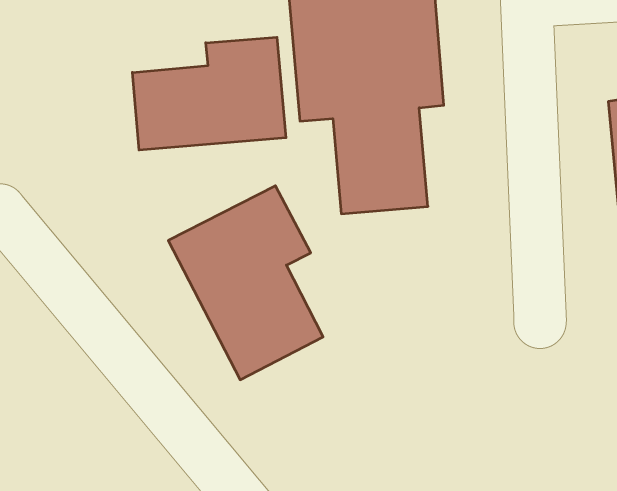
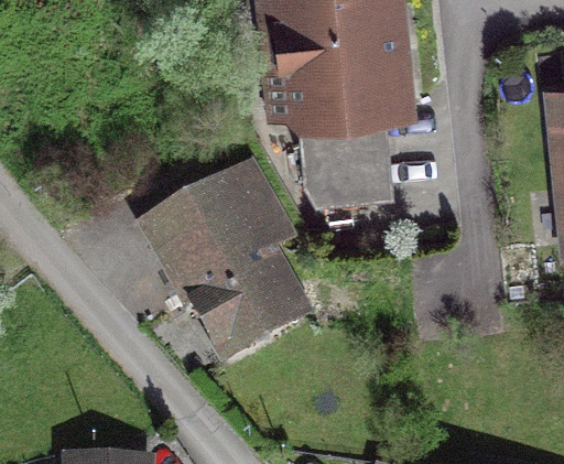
building: [132,37,286,150] -> none

